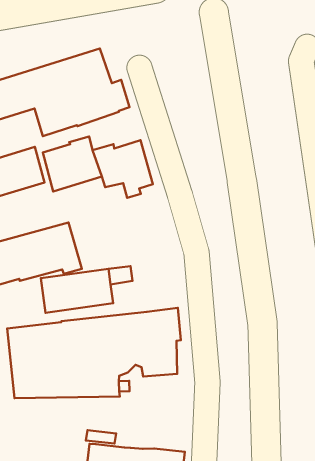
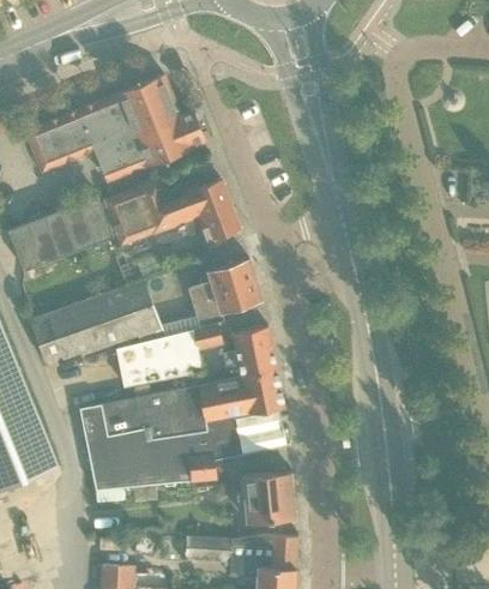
building: none -> [188,259,261,327]
building: none -> [223,326,277,378]
building: none -> [235,468,296,522]

